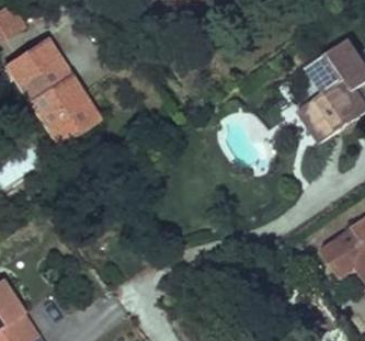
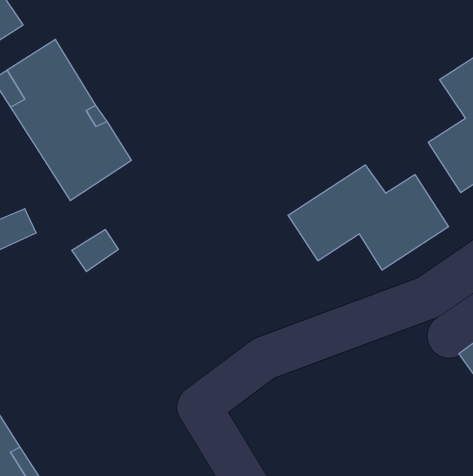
building: none -> [288,165,449,270]

